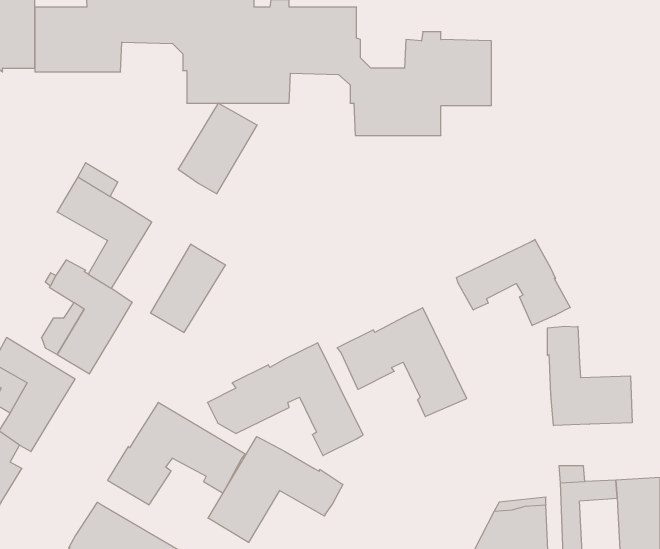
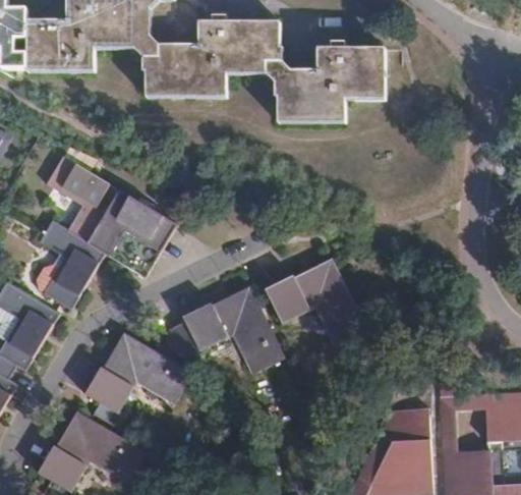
building: [178,103,257,194] -> [88,190,150,262]
building: [456,239,570,326] -> none
building: [547,326,632,426] -> none
building: [208,437,343,542] -> none

